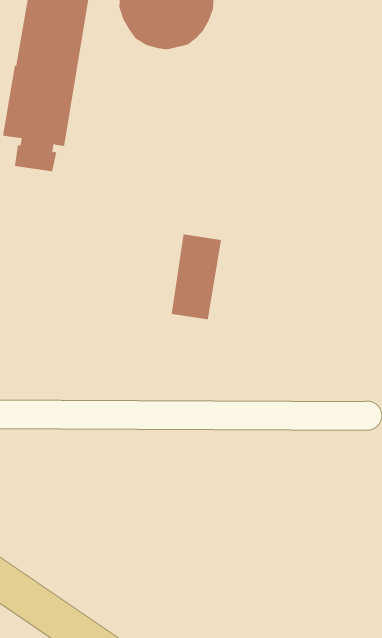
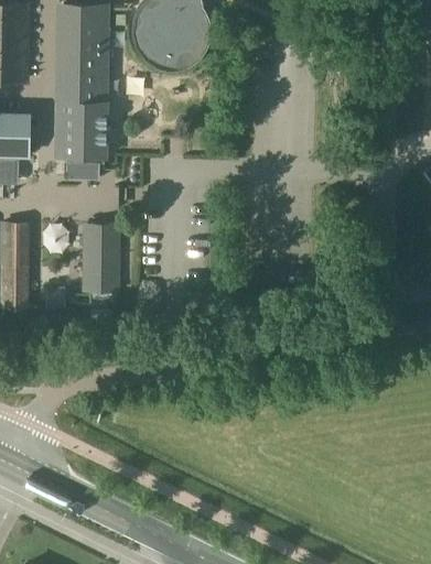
building: [171,234,222,320] -> [86,225,118,291]

